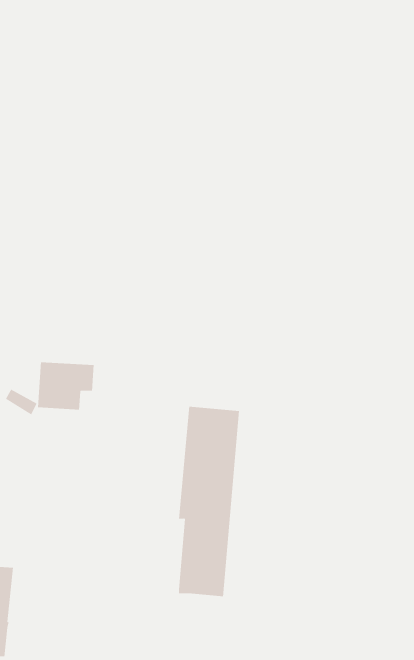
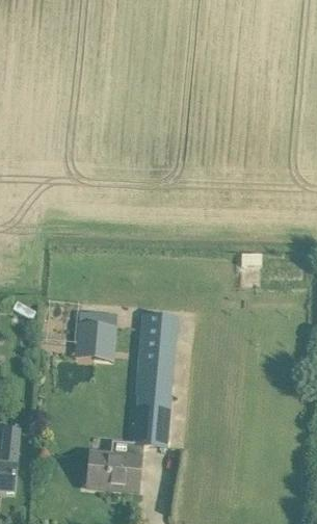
building: [37,362,94,410] -> [75,321,115,356]
building: none -> [84,440,144,487]

